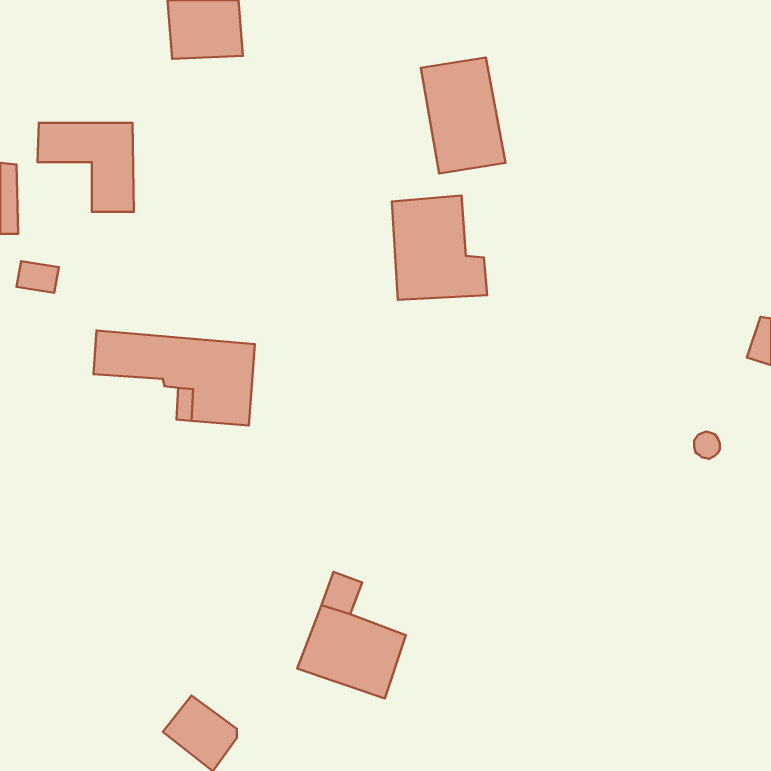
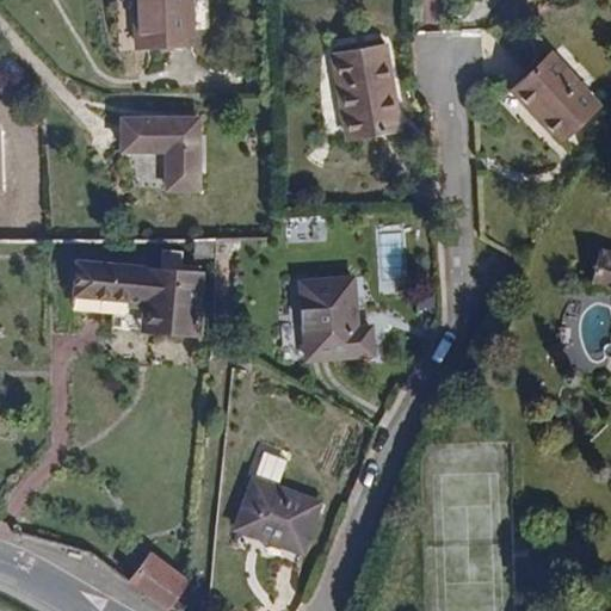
building: none -> [512,53,599,142]
building: [37,123,134,212] -> [122,118,198,189]
building: [392,196,487,300] -> [300,276,375,358]

